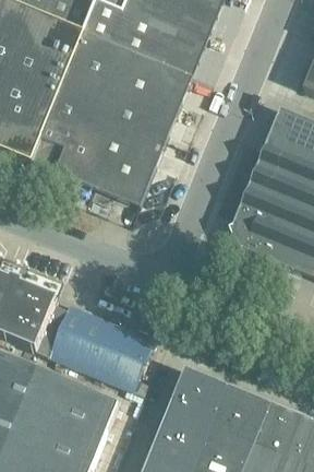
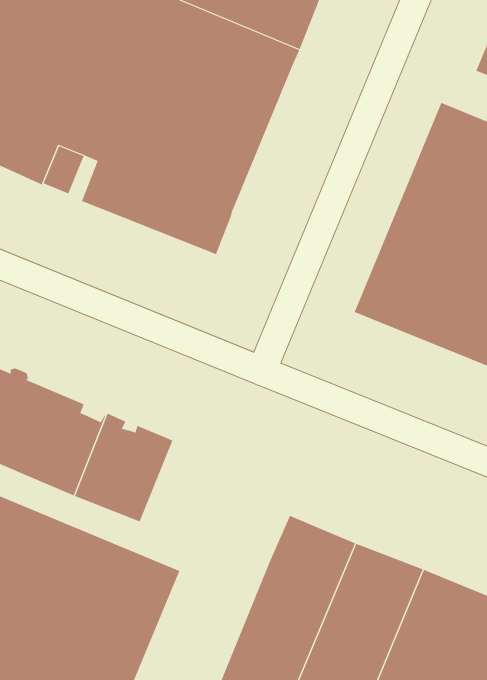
building: [90,319,153,387] -> none

